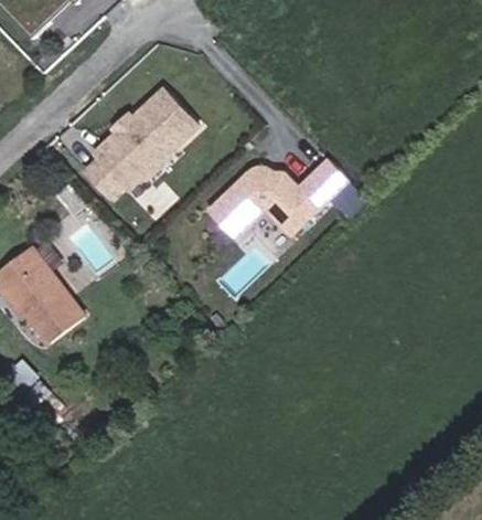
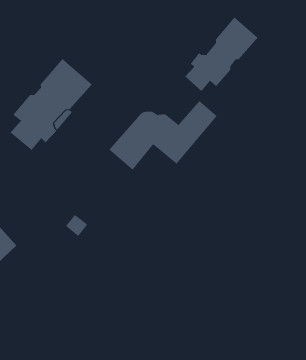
building: none -> [185,17,259,92]

